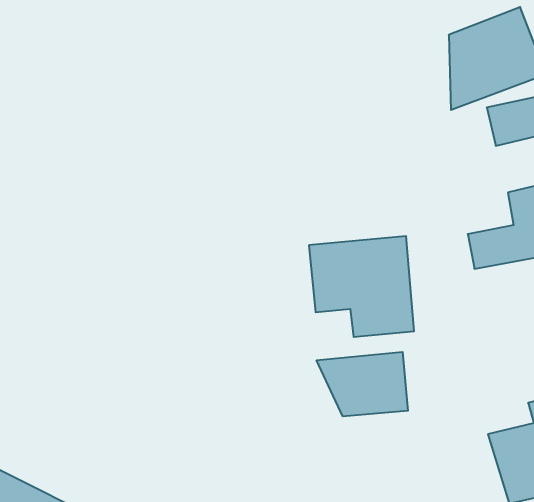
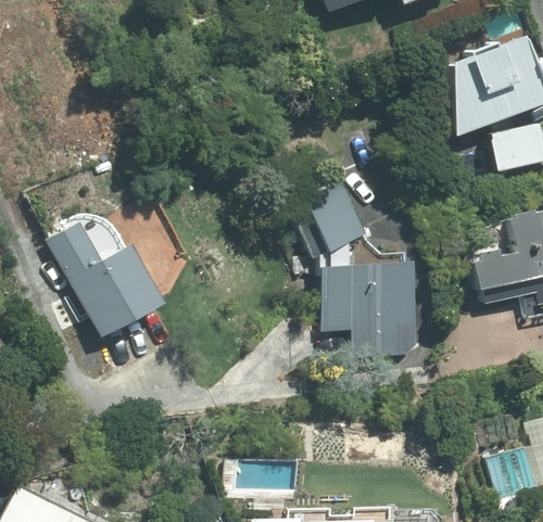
building: none -> [288,175,369,258]
building: none -> [50,220,164,338]
building: [317,352,408,416] -> none

